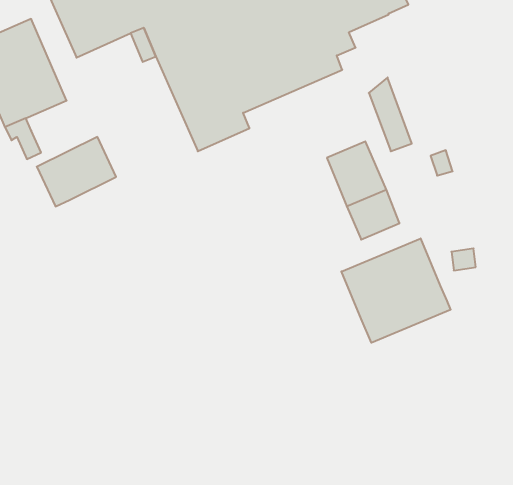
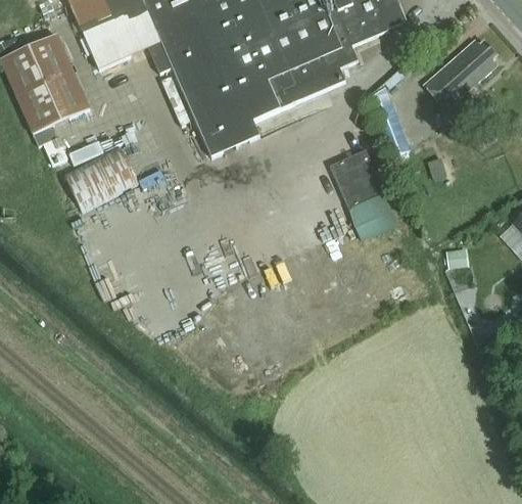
building: none -> [426,37,499,106]
building: [341,238,451,343] -> none

